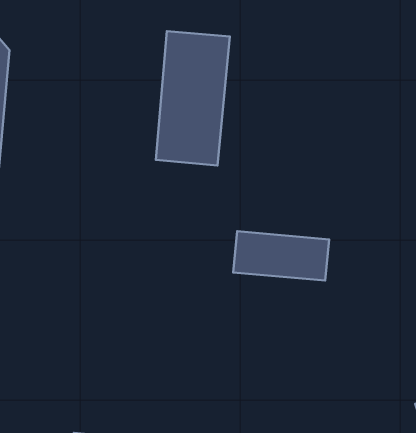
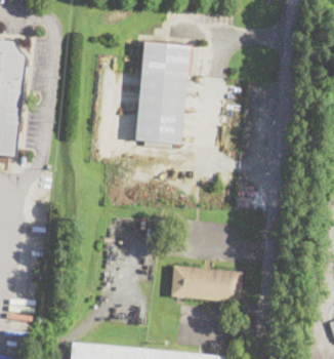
building: [233,231,329,281] -> [170,266,242,303]

